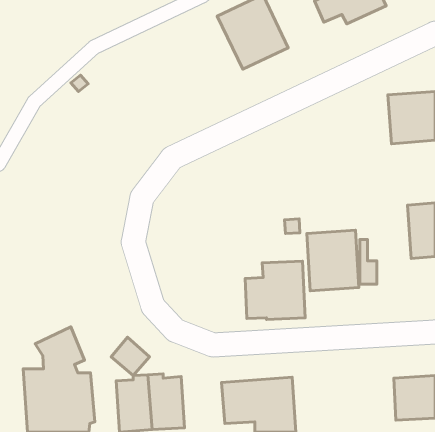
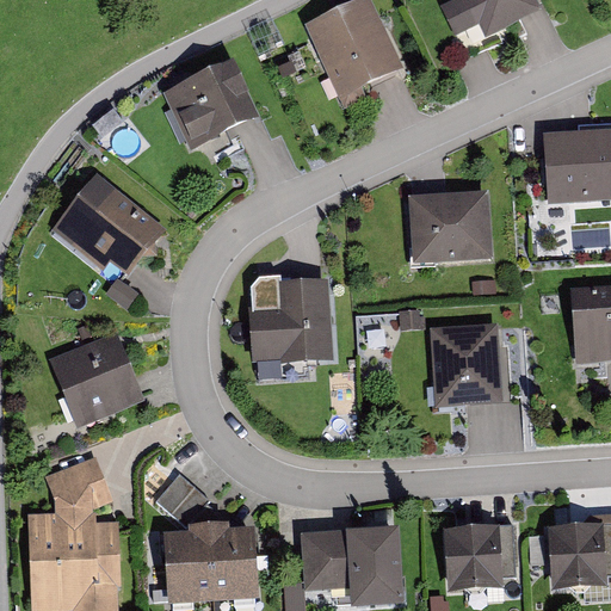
building: none -> [162,58,258,147]
building: none -> [50,171,166,274]
building: none -> [407,189,492,263]
building: none -> [48,328,142,425]
building: [245,261,305,319] -> [247,279,331,360]
building: none -> [448,525,511,597]

